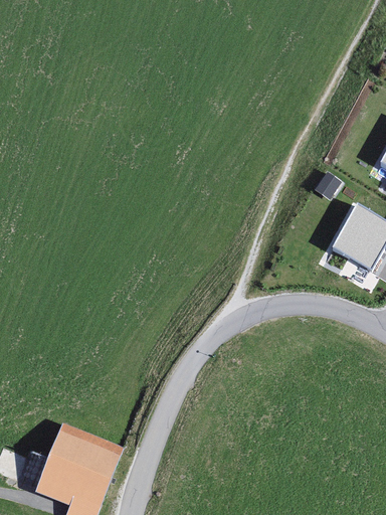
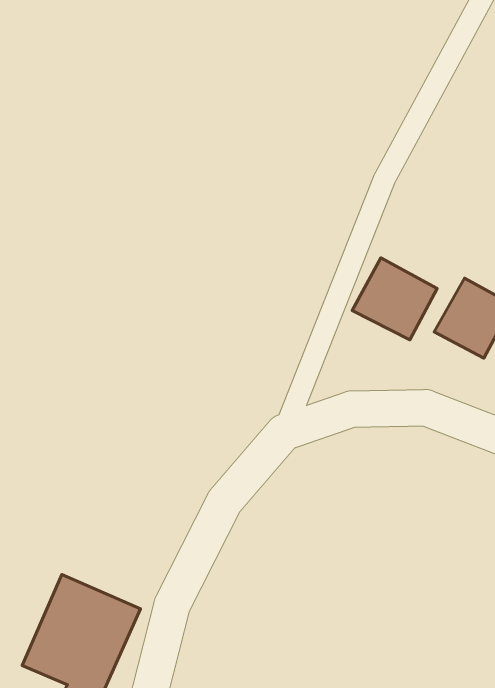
building: none -> [352,258,437,340]

